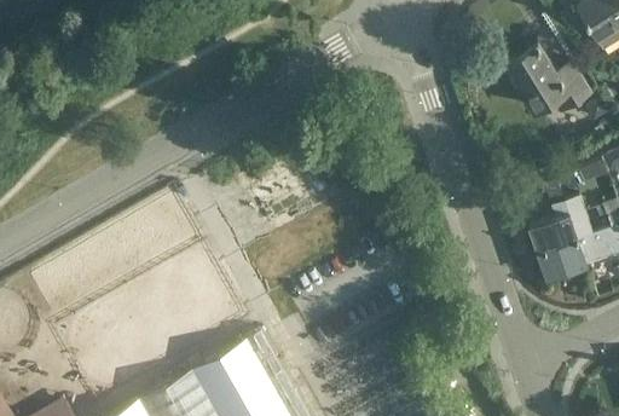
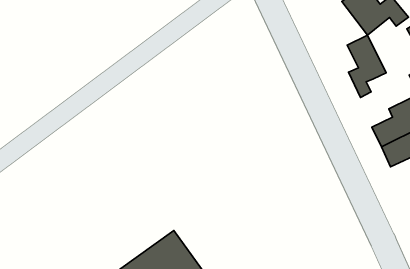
building: none -> [347,35,386,98]

